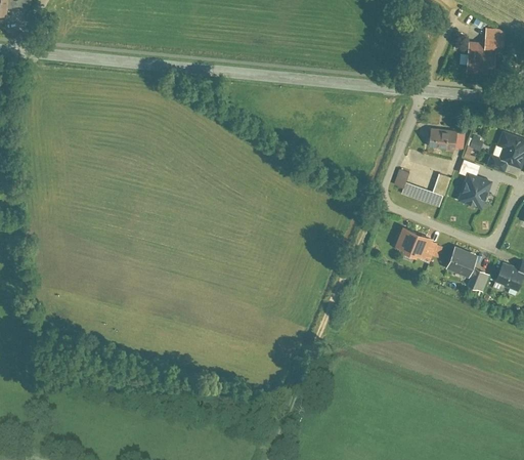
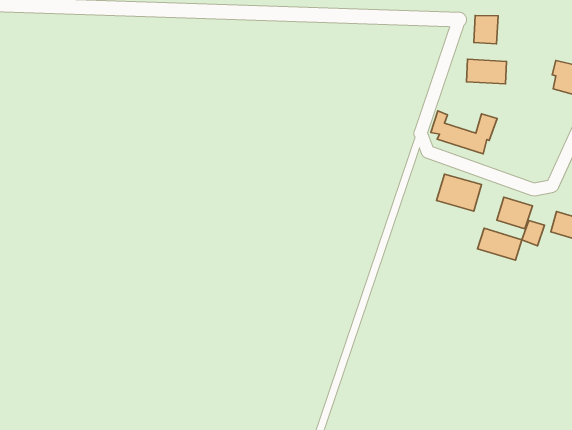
building: none -> [474,15,498,44]
building: [464,172,497,204] -> none
building: none -> [478,228,522,260]

